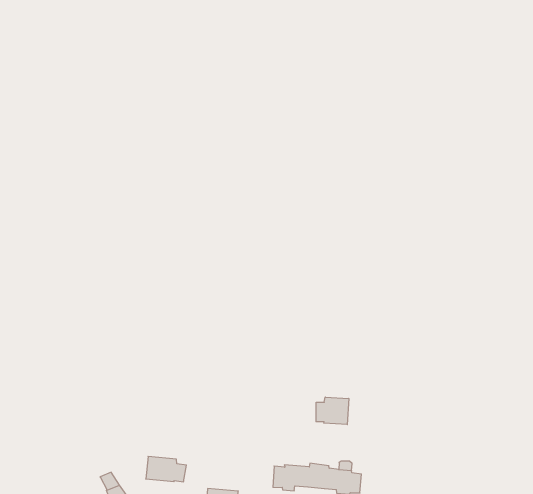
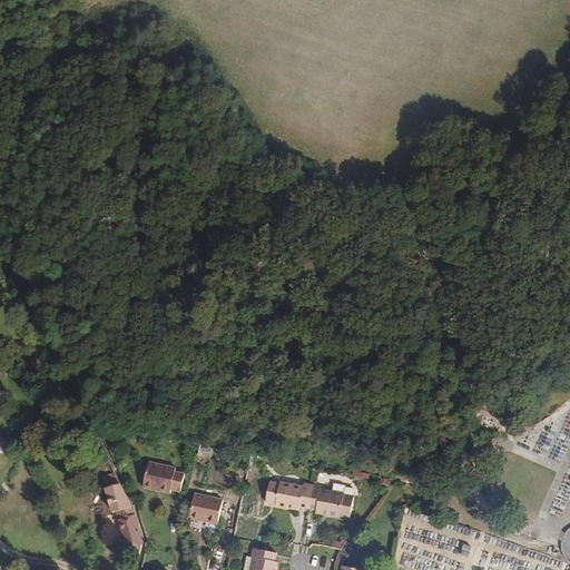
building: [316,397,349,425] -> none

